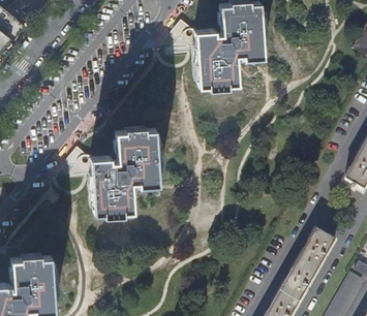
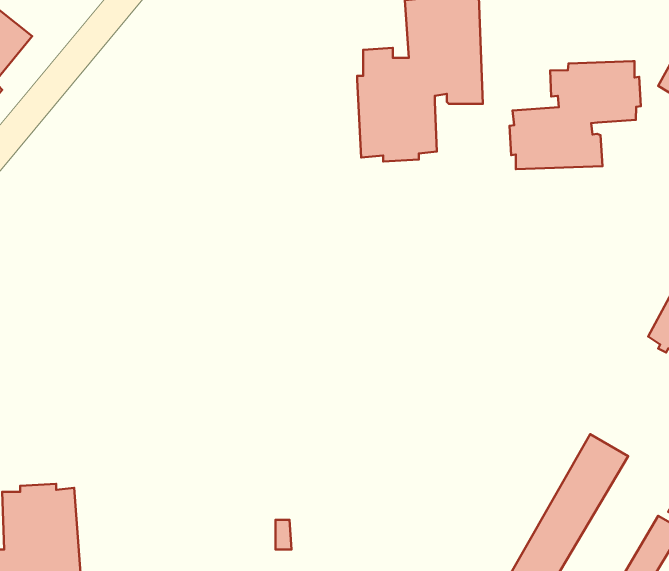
building: none -> [509,61,641,169]
building: [90,126,157,215] -> none

